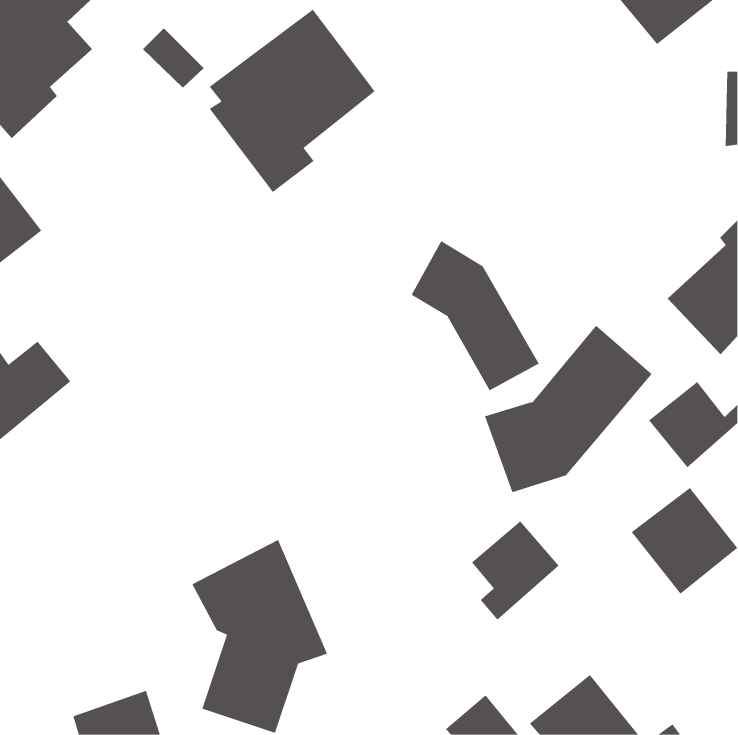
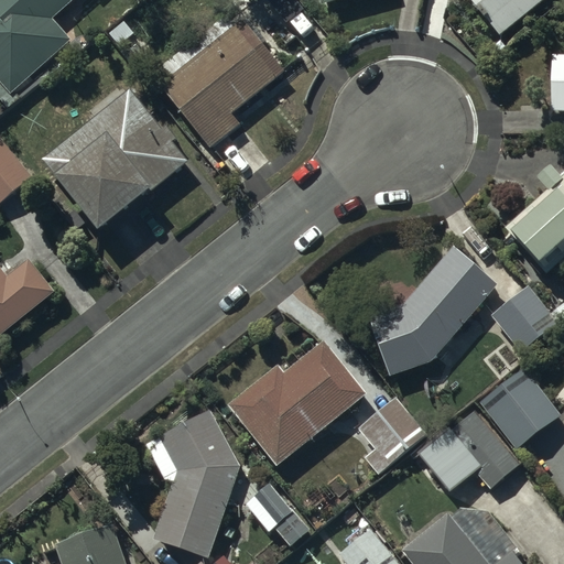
building: none -> [41,80,187,231]
building: [411,240,540,391] -> none
building: none -> [227,340,366,466]
building: none -> [404,411,521,502]
building: none -> [246,482,310,545]

